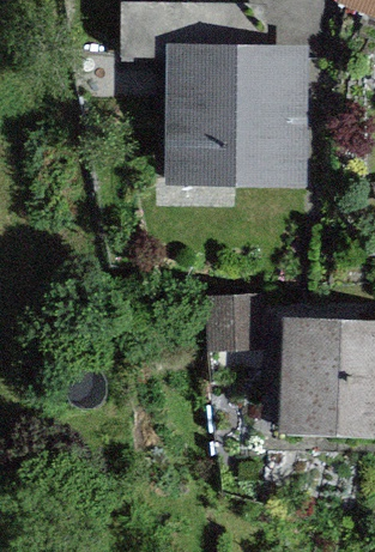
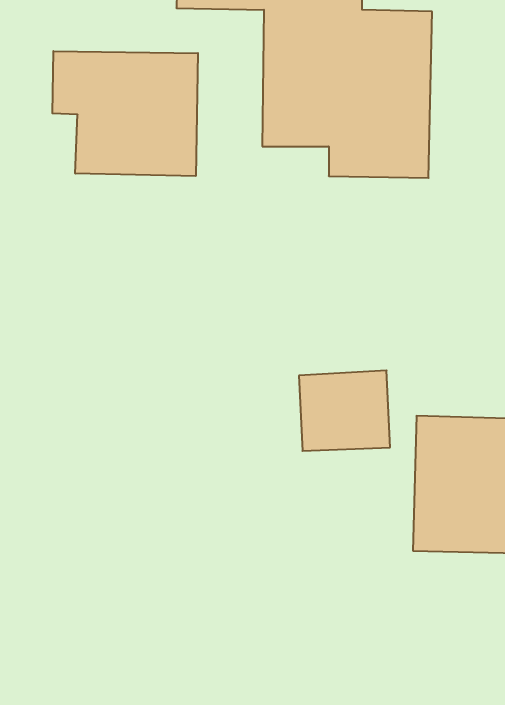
building: none -> [52,51,198,176]

